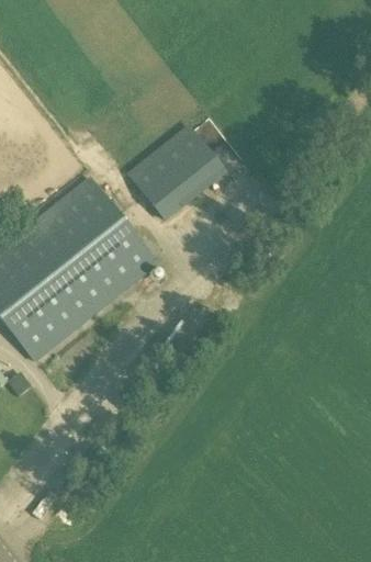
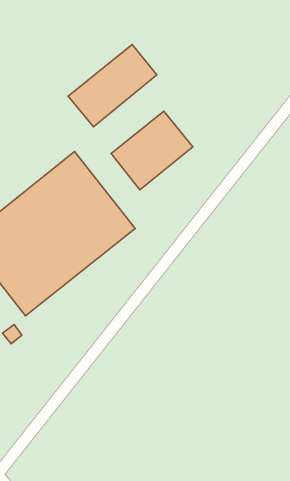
building: none -> [68,45,157,127]

